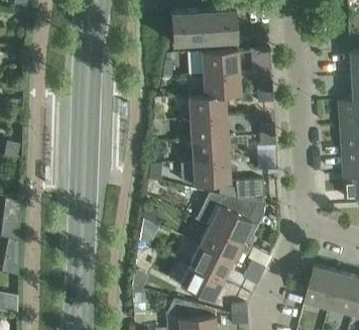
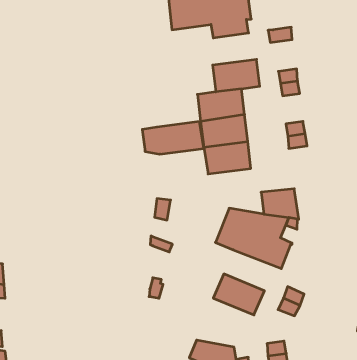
building: [202,51,239,76] -> none
building: [181,162,230,187] -> [142,122,204,154]
building: [200,228,247,265] -> none
building: [180,266,222,303] -> none

